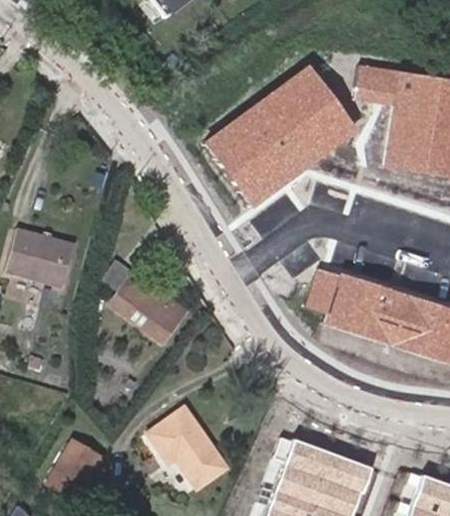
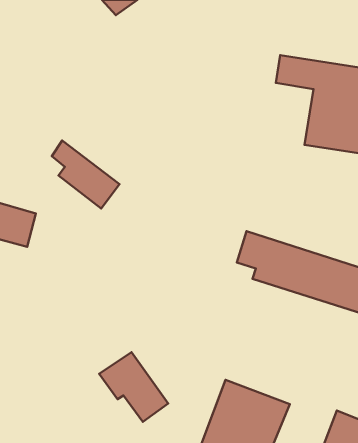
building: [205,66,356,207] -> none
building: [106,262,184,341] -> [52,141,120,209]
building: [49,441,101,500] -> none

